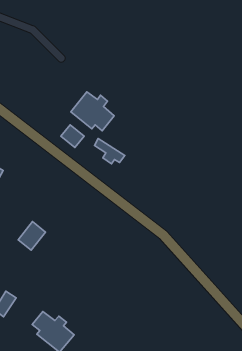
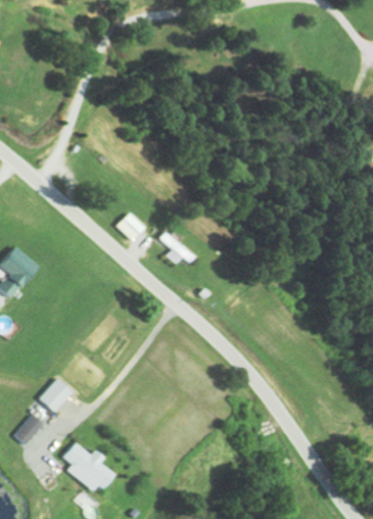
building: [71,92,114,131] -> none
building: [18,221,46,250] -> [39,377,74,413]

